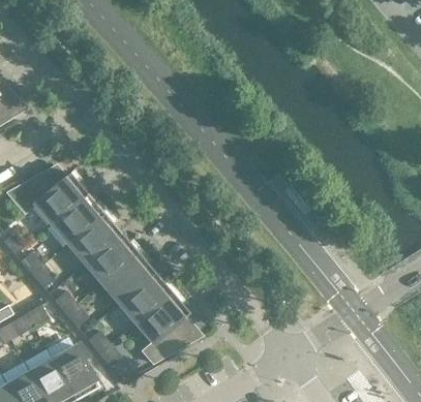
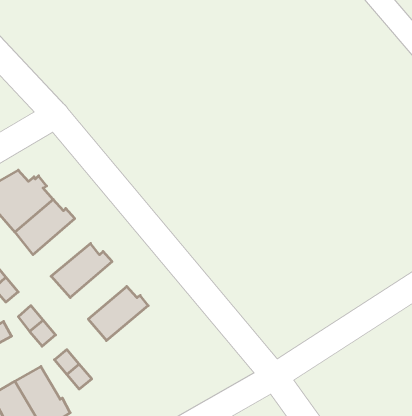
building: [67,211,120,264] -> none
building: [101,250,153,303] -> none
building: [134,290,200,363] -> none

